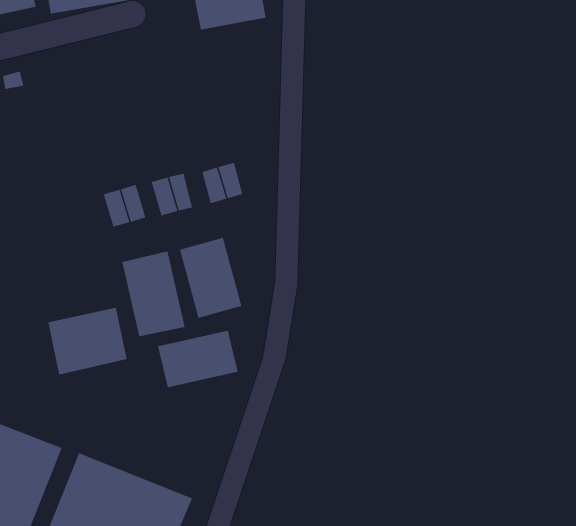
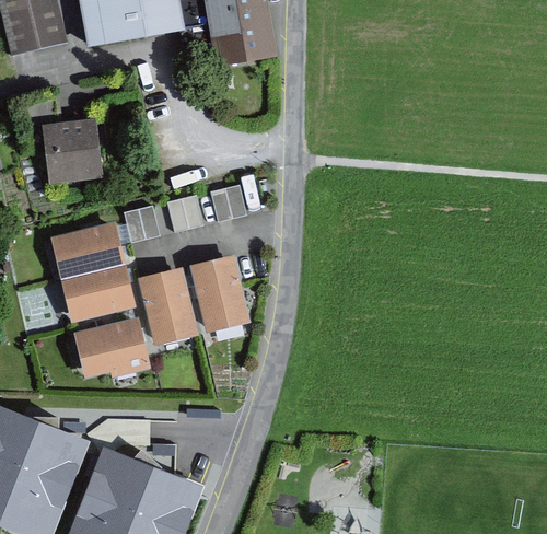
building: none -> [44,123,103,182]
building: none -> [51,218,126,270]
building: [157,330,238,388] -> [66,265,138,316]

